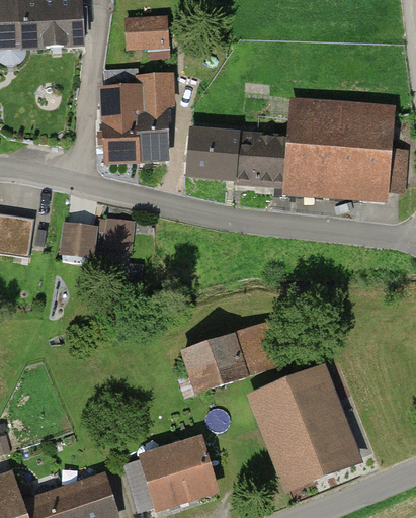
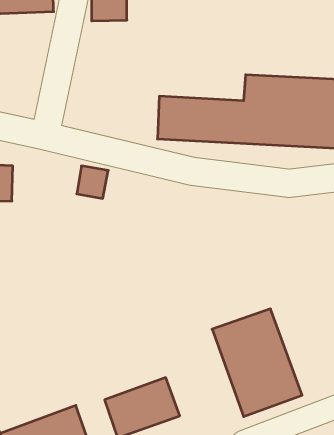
building: [100,80,167,158] -> none
building: [60,225,94,256] -> none
building: [178,323,279,391] -> none

